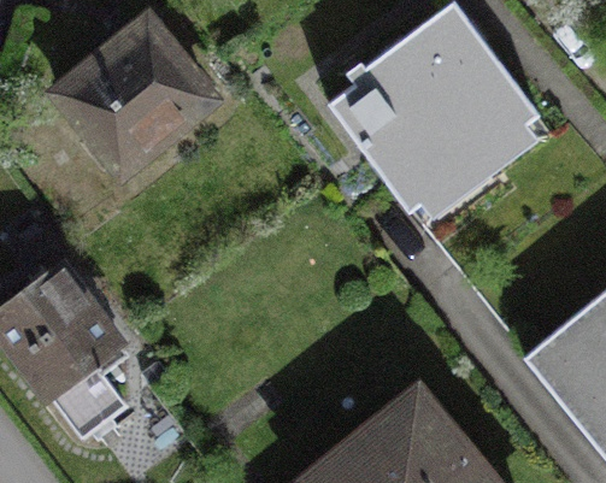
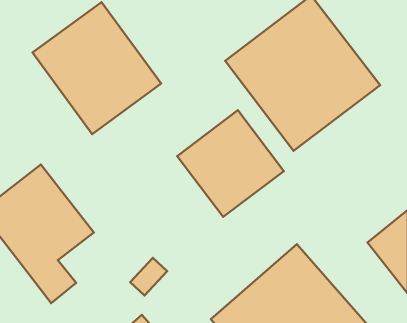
building: none -> [177,110,284,217]

